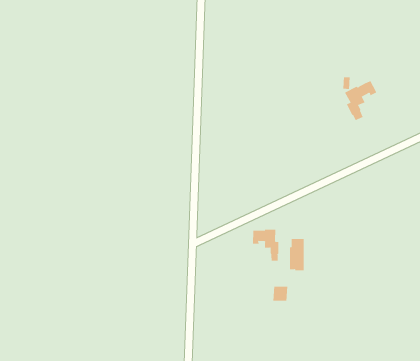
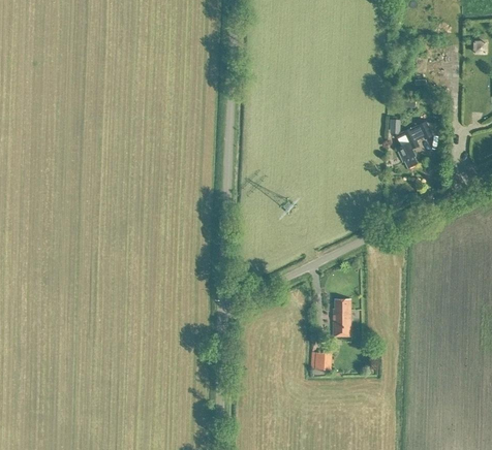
building: [253,229,279,262] -> none

